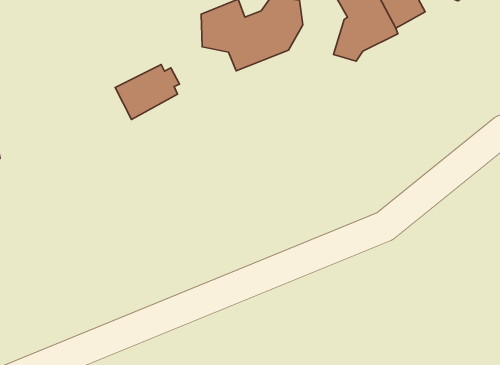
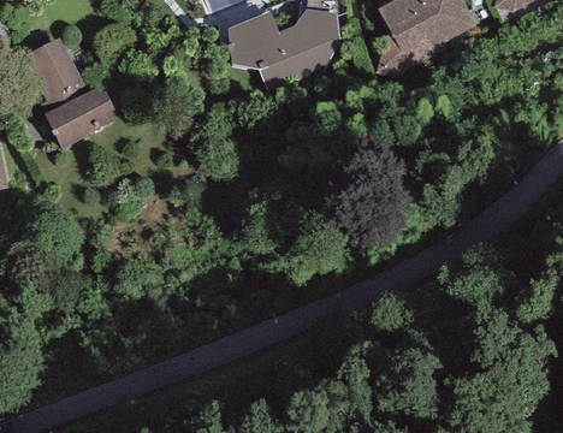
building: none -> [20,36,84,103]
building: [115,65,180,119] -> [43,87,114,147]

